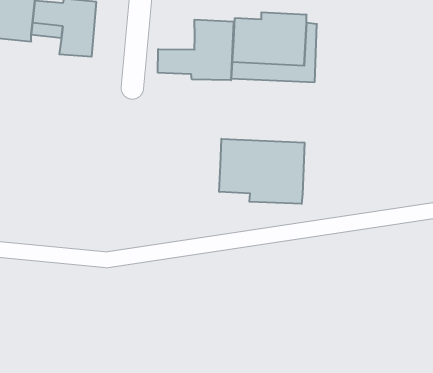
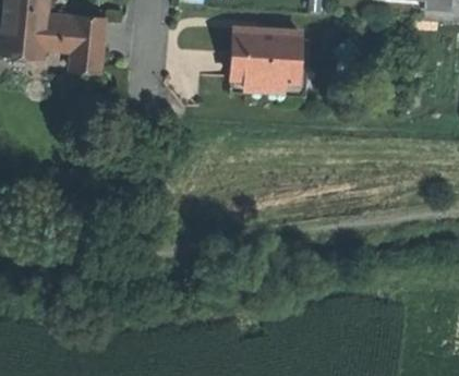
building: [158,20,233,80] -> none
building: [219,139,305,204] -> none

